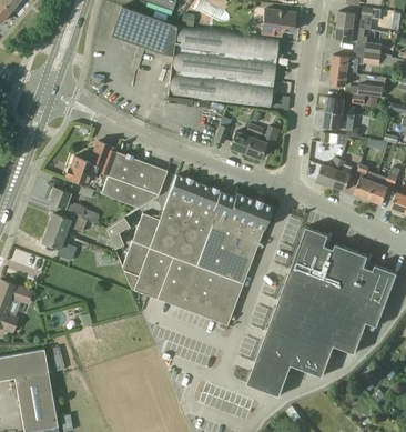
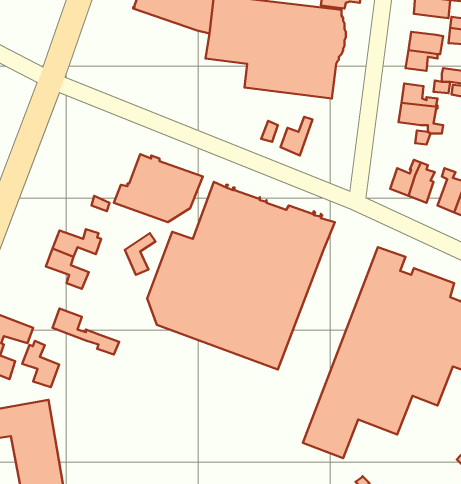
building: [168,76,203,99] -> none
building: [245,124,278,159] -> none
building: [68,141,118,183] -> none
building: [48,187,101,223] -> [53,309,119,354]
building: none -> [22,341,59,387]

